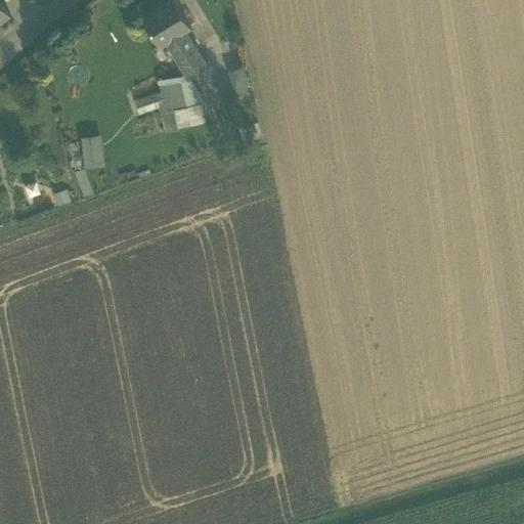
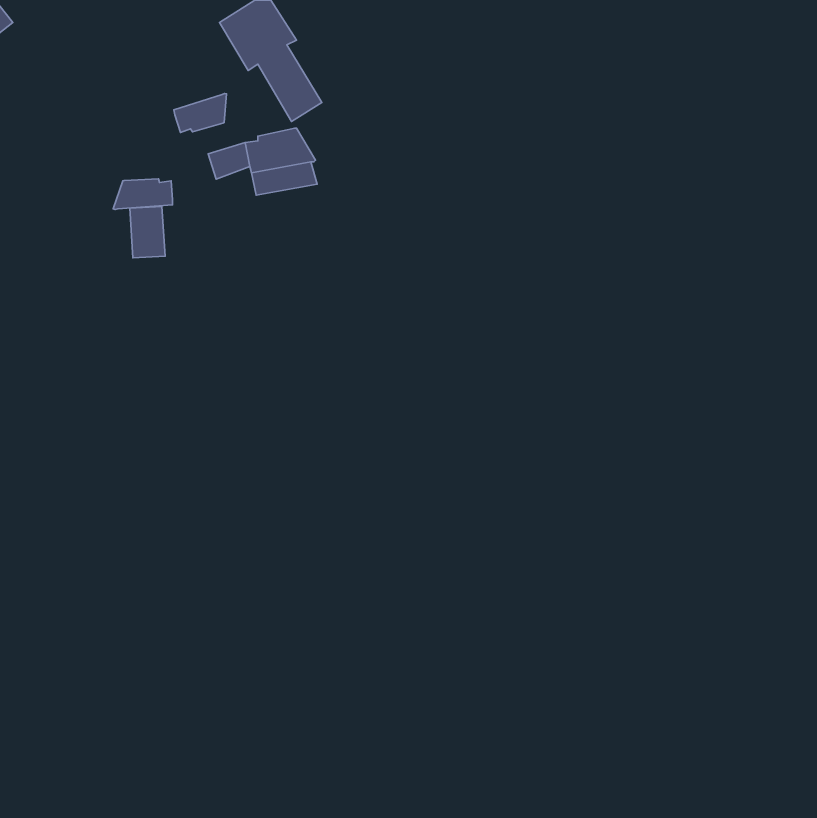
building: none -> [174,93,226,133]
building: none -> [113,179,172,210]

